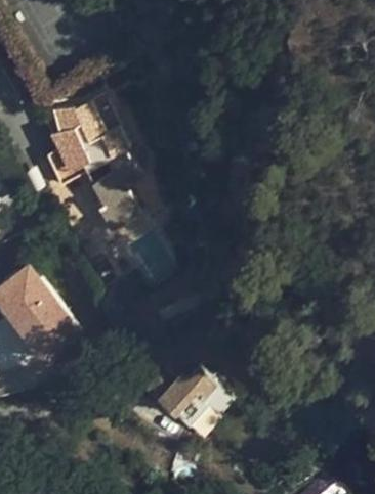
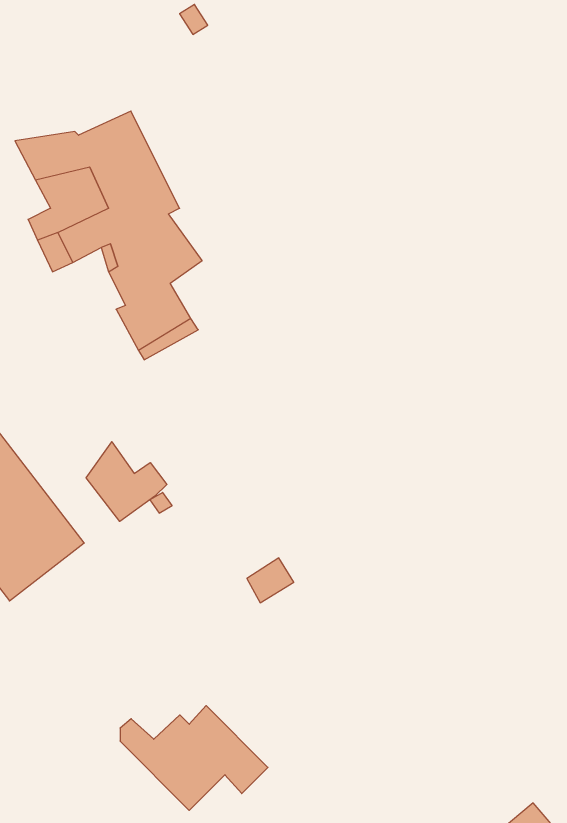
building: none -> [86,442,167,521]
building: [151,369,232,426] -> [120,706,268,810]

